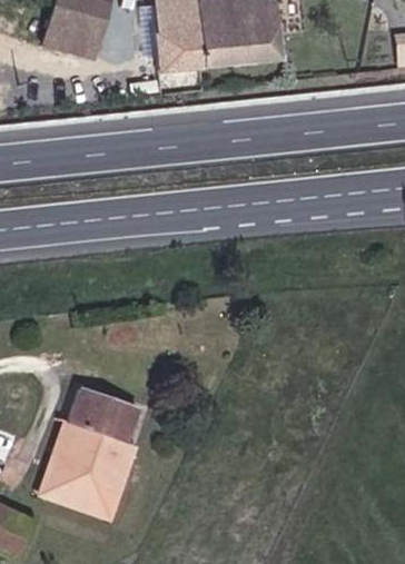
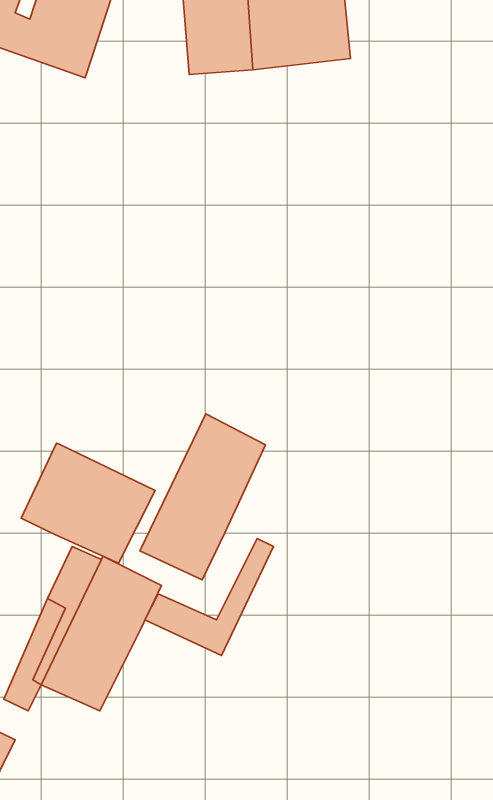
building: none -> [140,414,266,580]
building: none -> [21,443,155,563]
building: [52,442,140,522] -> [145,539,274,656]

